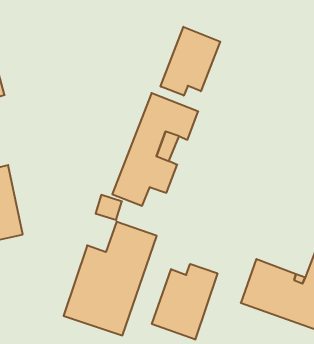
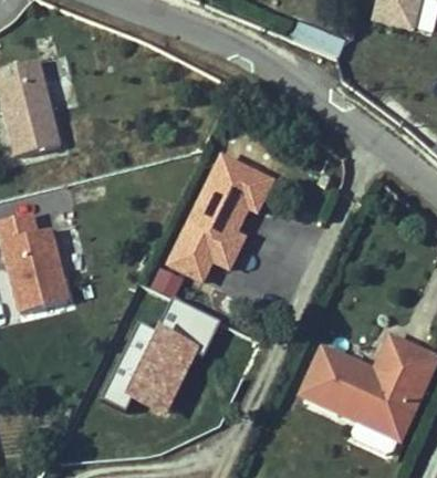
building: [161,27,220,96] -> none
building: [152,264,217,340] -> none

